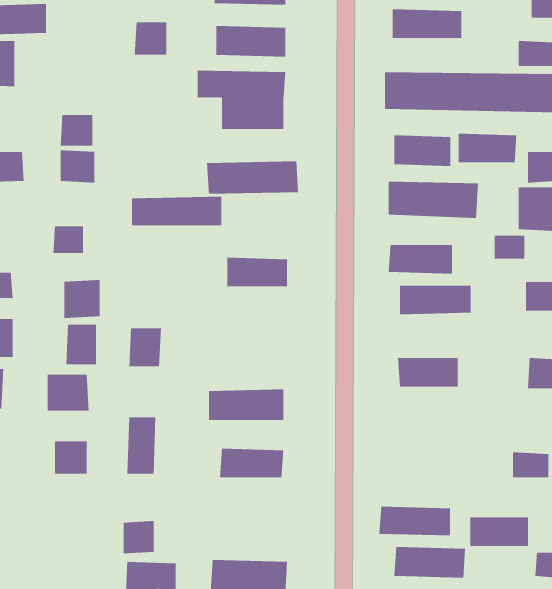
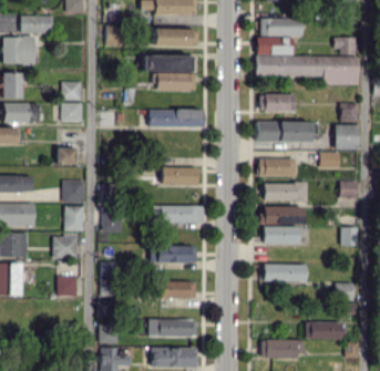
building: [458,133,517,163] -> [257,37,292,54]
building: [131,196,222,226] -> [151,205,205,223]
building: none -> [261,205,305,224]
building: [379,506,451,536] -> [264,264,307,281]
building: none -> [148,319,198,337]

